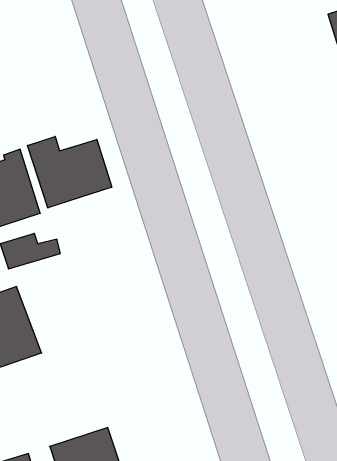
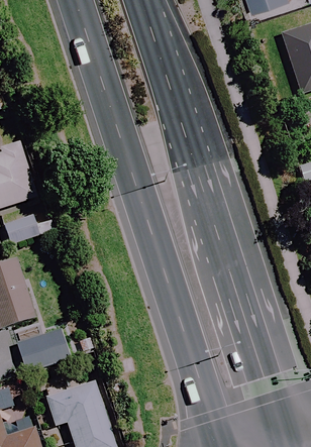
building: [27,136,112,208] -> none
building: none -> [16,327,74,371]

